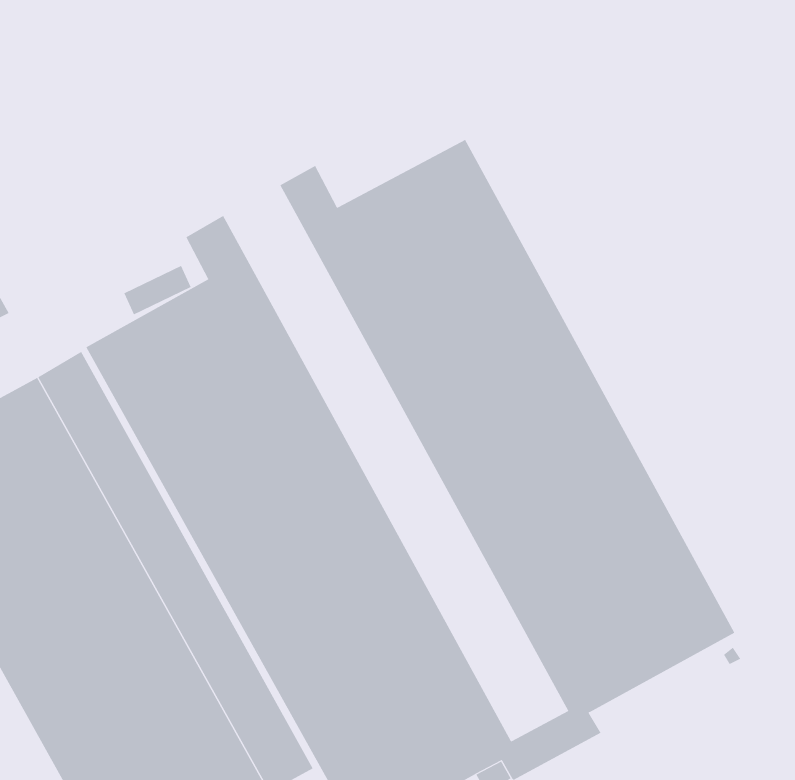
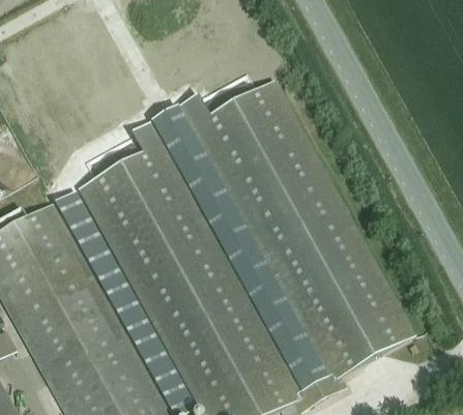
building: none -> [149,103,327,391]

